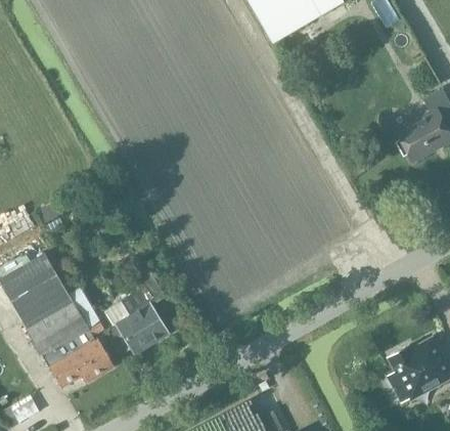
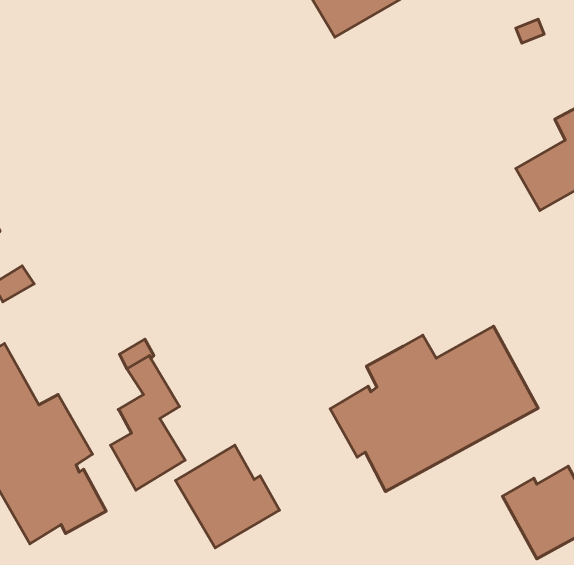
building: none -> [330,326,538,492]
building: none -> [176,445,280,548]

